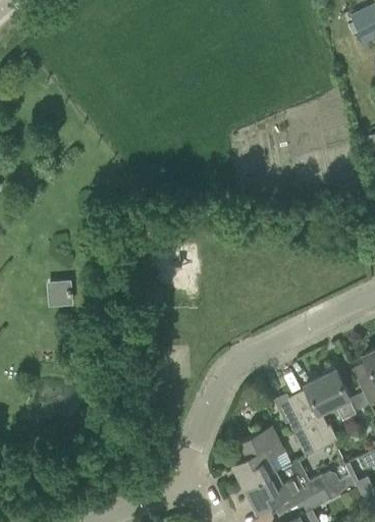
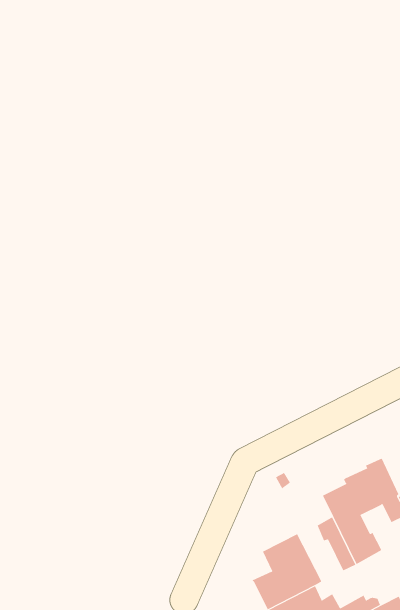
building: [46,280,70,307] -> none

